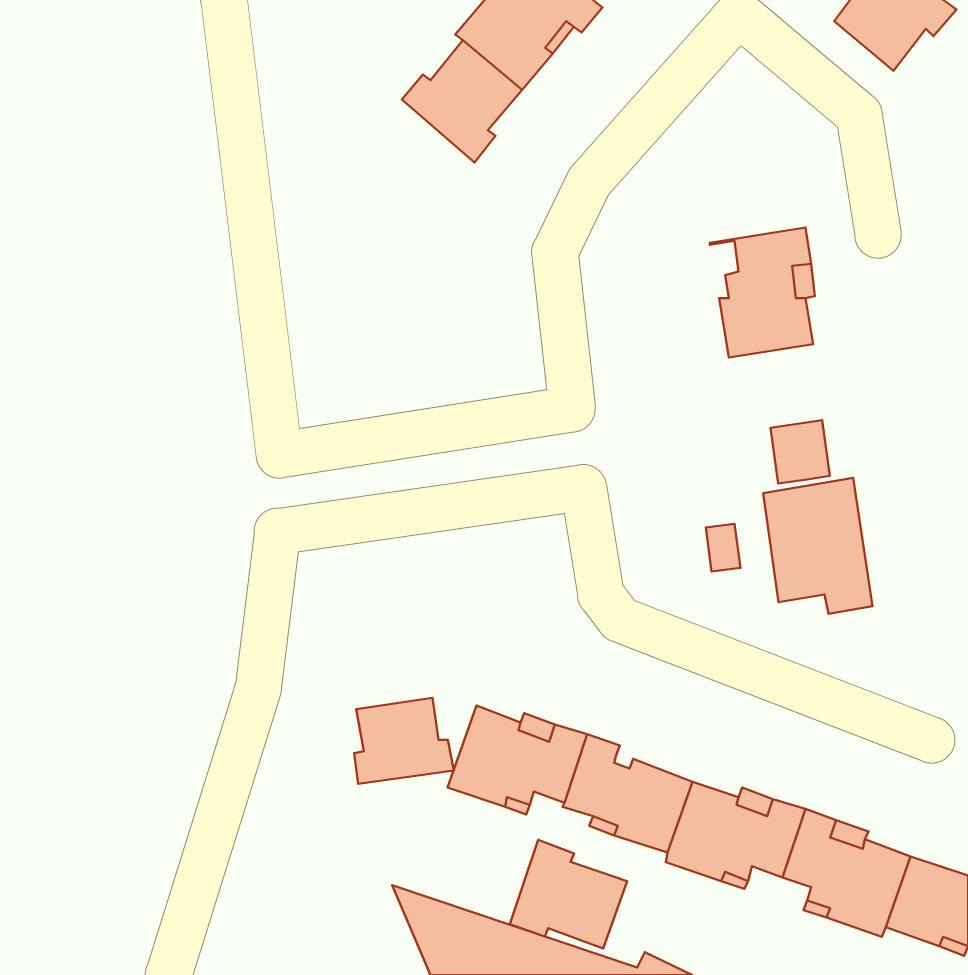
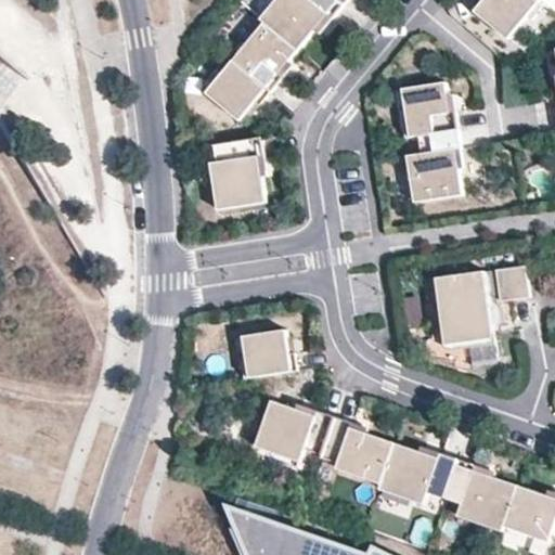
building: none -> [204,56,269,121]
building: none -> [400,82,456,138]
building: none -> [210,137,263,209]
building: [771,420,830,483] -> [494,266,528,301]
building: [354,698,454,784] -> [237,330,294,378]
building: [510,840,627,949] -> none

